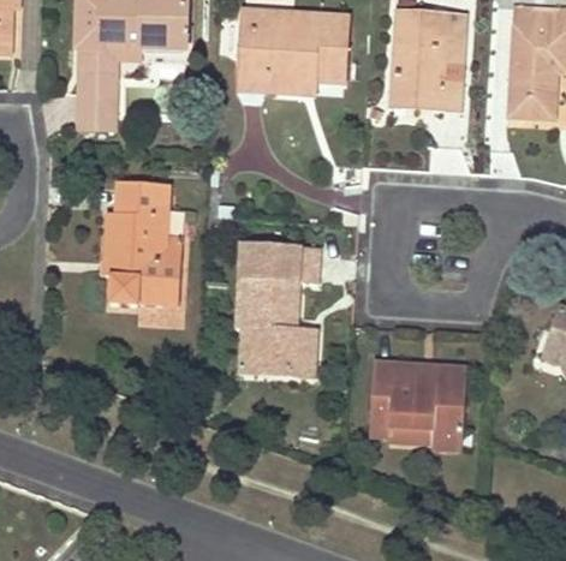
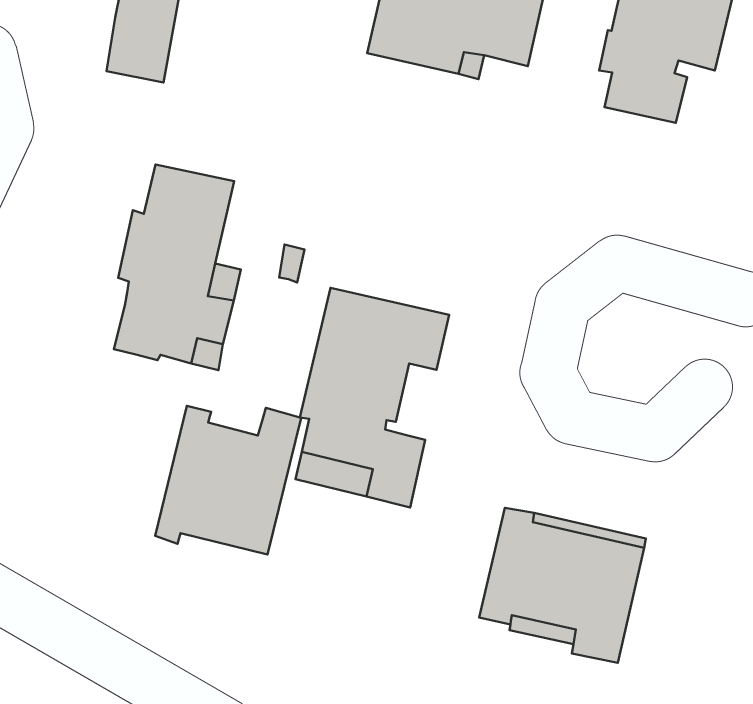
building: [388,61,463,111] -> none
building: none -> [155,406,301,554]

